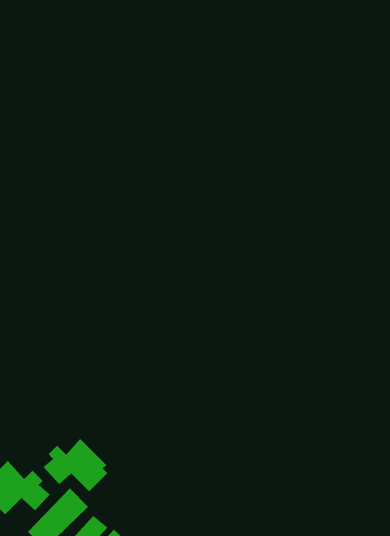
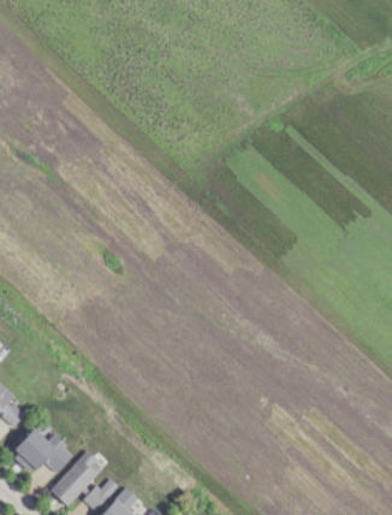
building: [43,438,108,492] -> none

